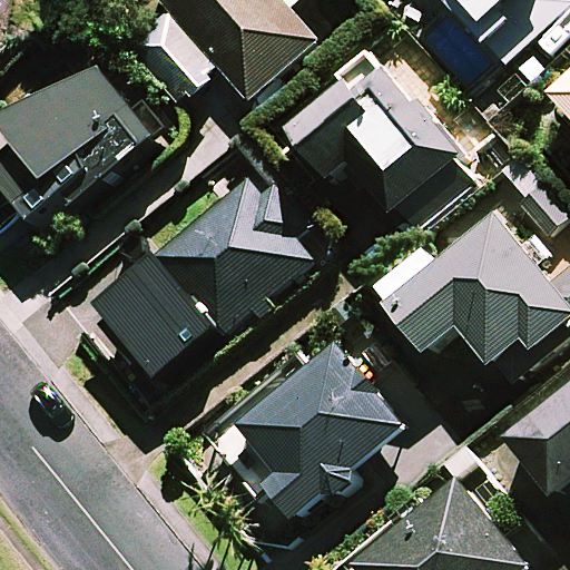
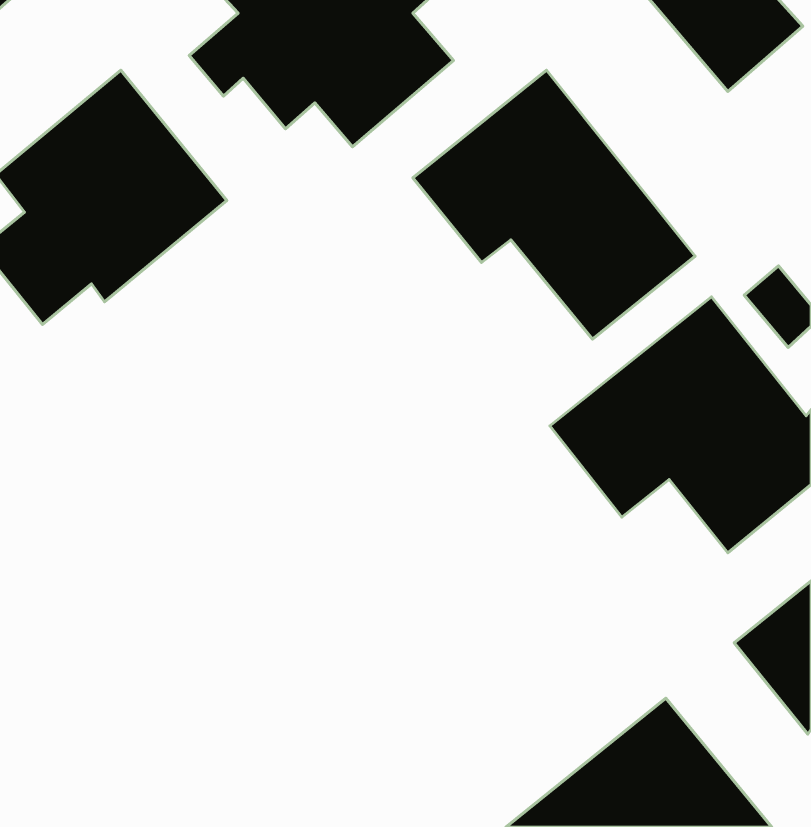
building: [89,174,315,382] -> none
building: [236,342,404,517] -> none

